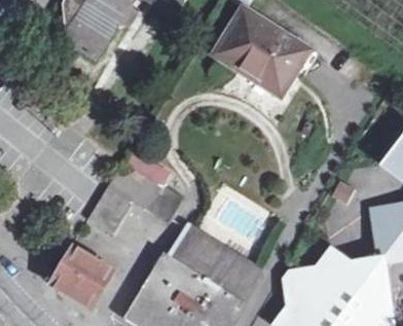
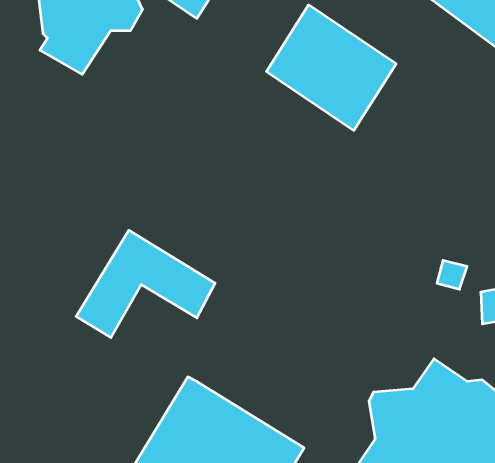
building: [170,229,264,306] -> none
building: [52,247,114,305] -> none

